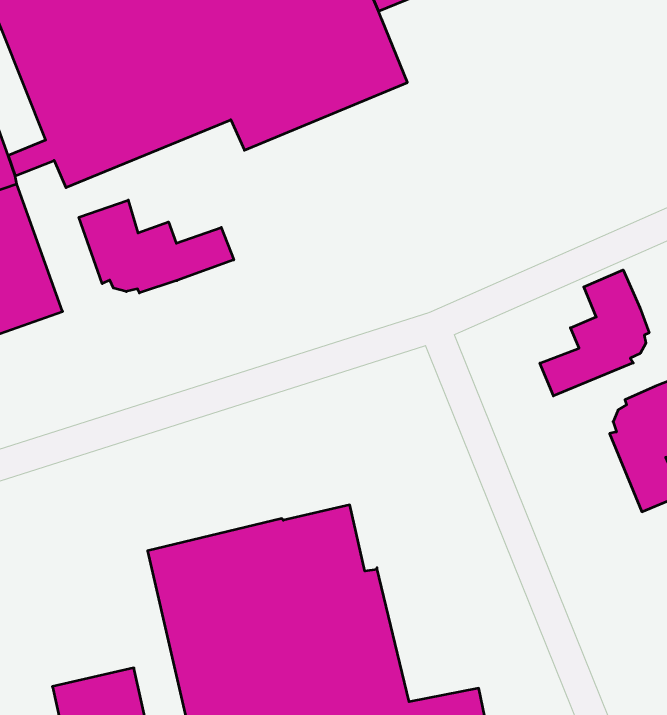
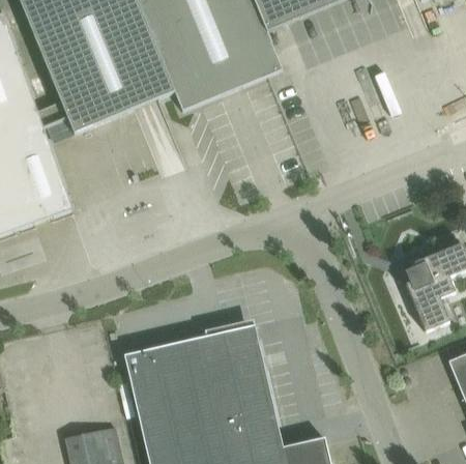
building: [79,200,234,293] -> none
building: [540,270,649,396] -> none

